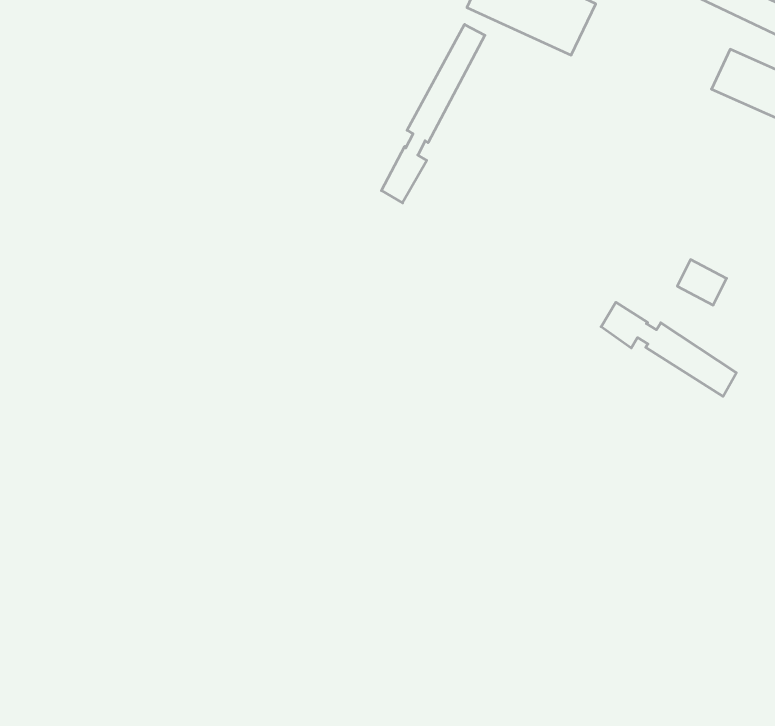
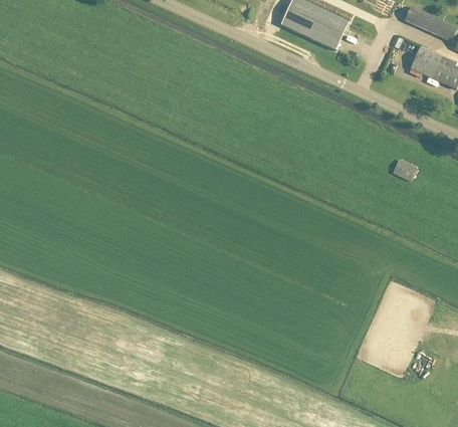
building: [381,24,485,203] -> none
building: [601,302,736,396] -> none

